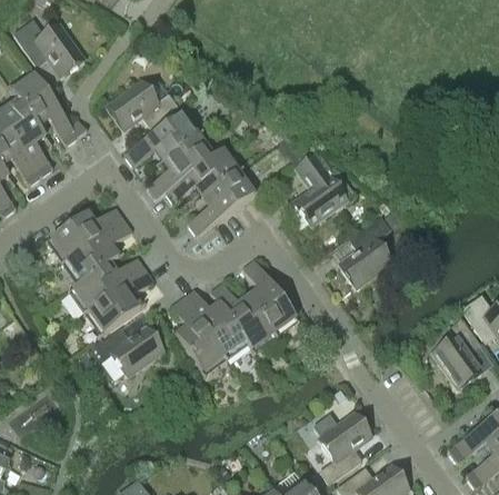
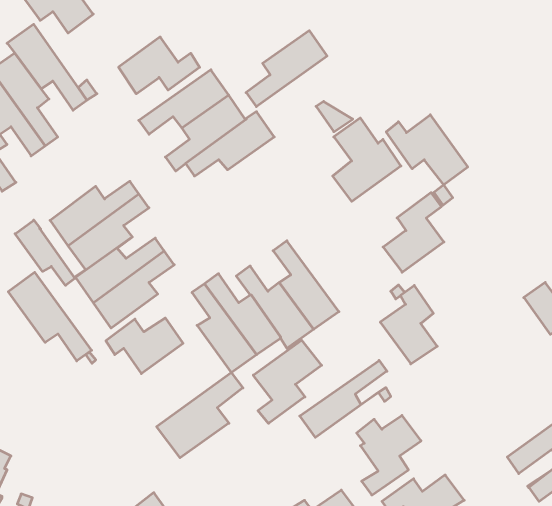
building: none -> [386,115,468,185]
building: [187,168,258,235] -> [246,31,327,107]
building: none -> [15,220,75,285]
building: none -> [8,272,92,361]
building: [431,319,481,388] -> [380,285,437,364]
building: none -> [253,340,322,423]
building: none -> [300,360,387,437]
building: none -> [157,372,243,458]

